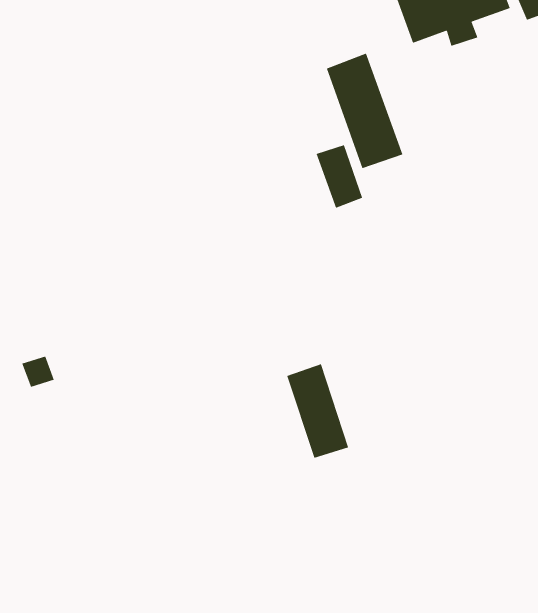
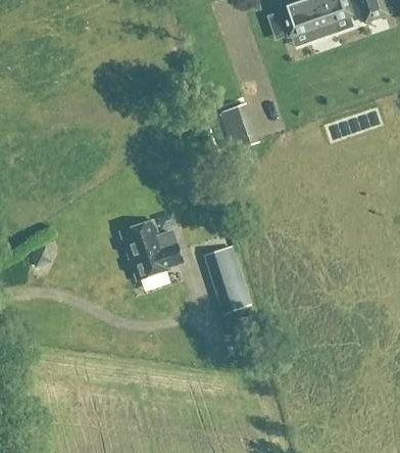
building: [326,53,403,169] -> none
building: none -> [119,221,184,282]

